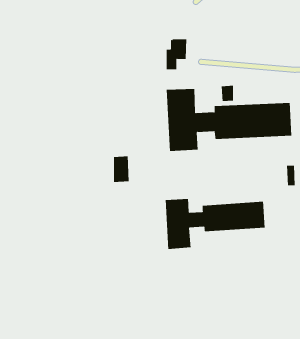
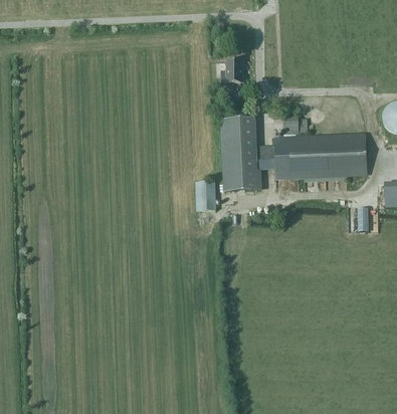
building: [113,156,130,182] -> [197,181,216,212]
building: [165,198,265,250] -> none

